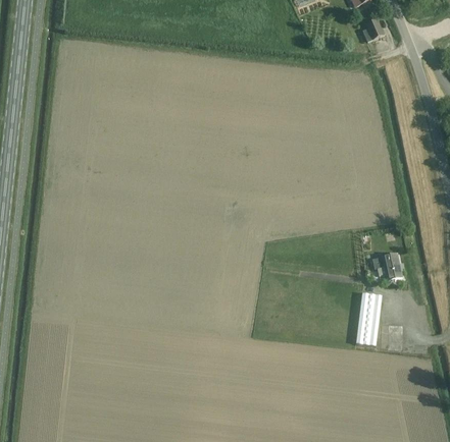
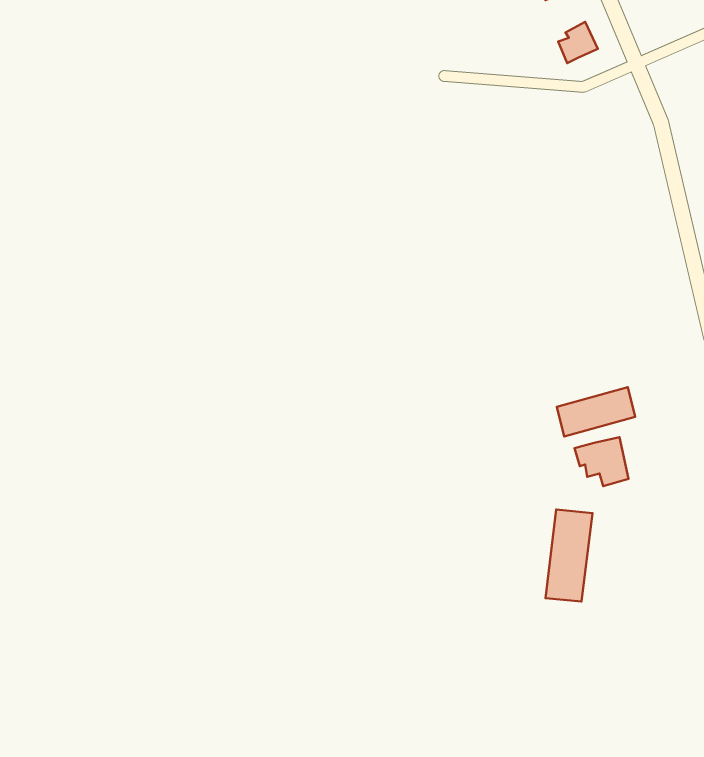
building: none -> [557,387,635,436]

